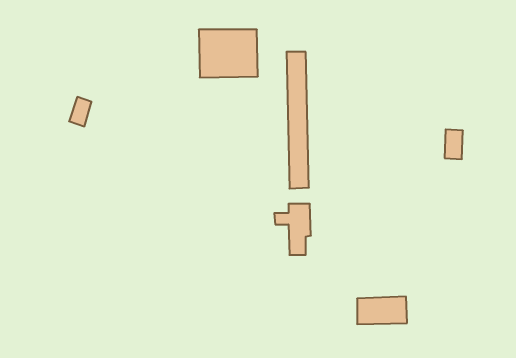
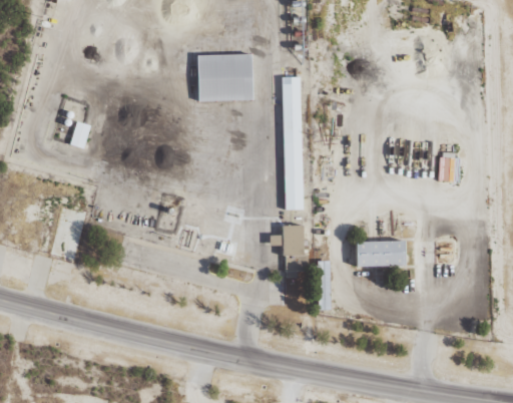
building: [357,297,407,324] -> [360,240,409,267]

